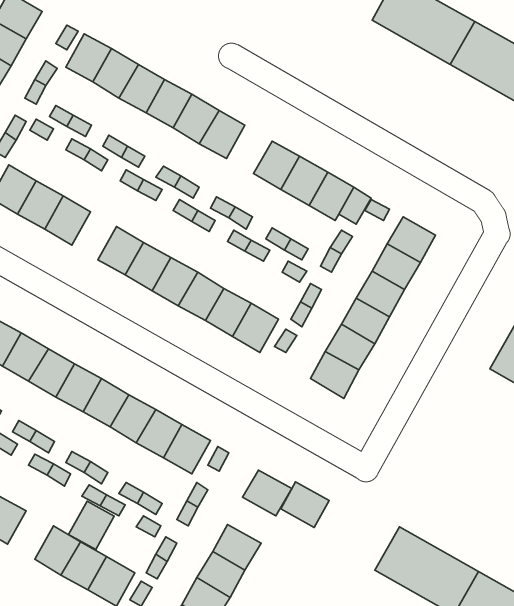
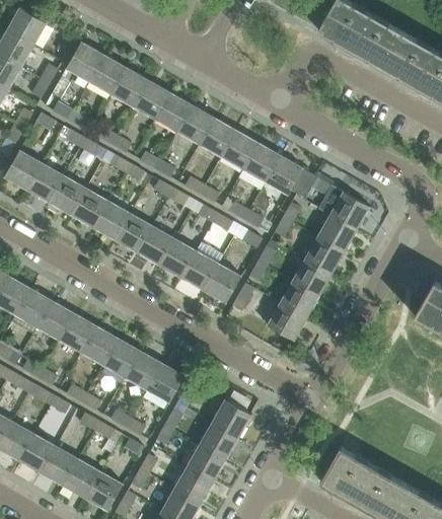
building: none -> [198,118,235,157]
building: none -> [71,189,107,228]
building: [281,482,329,528] -> [199,423,238,460]
building: [69,501,114,549] -> [18,434,56,473]

